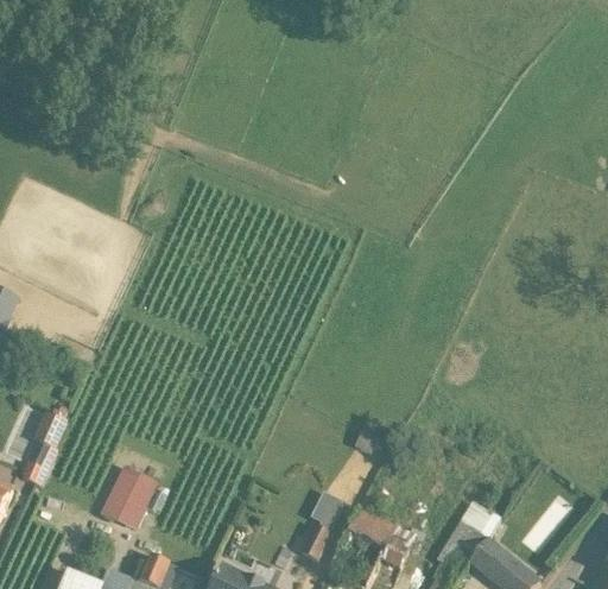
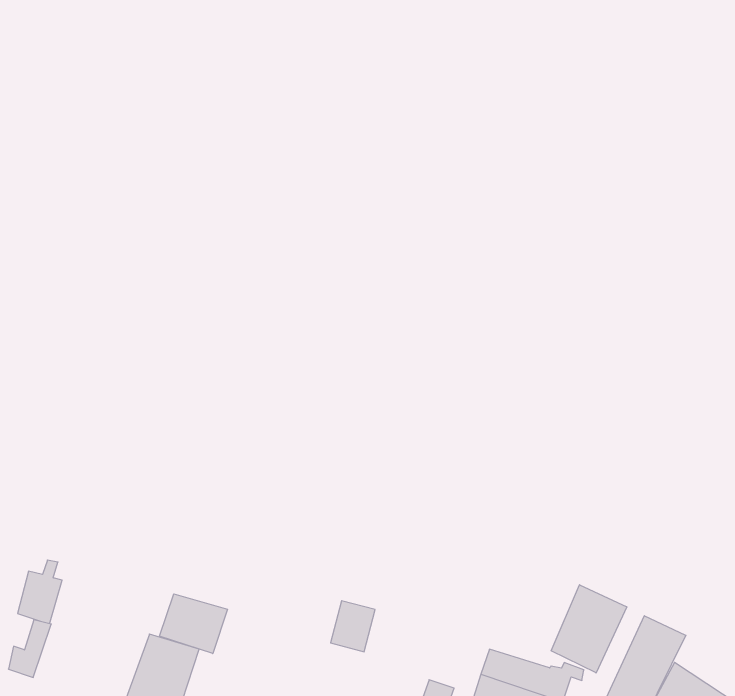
building: none -> [159,594,227,654]
building: none -> [551,585,627,673]
building: [310,490,344,528] -> [331,601,375,652]

